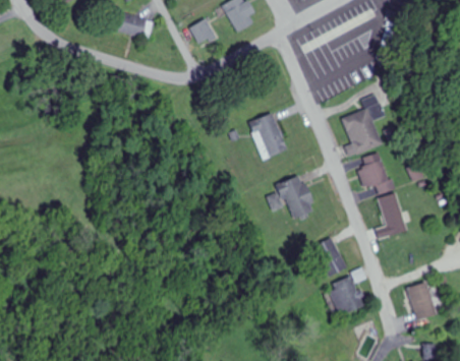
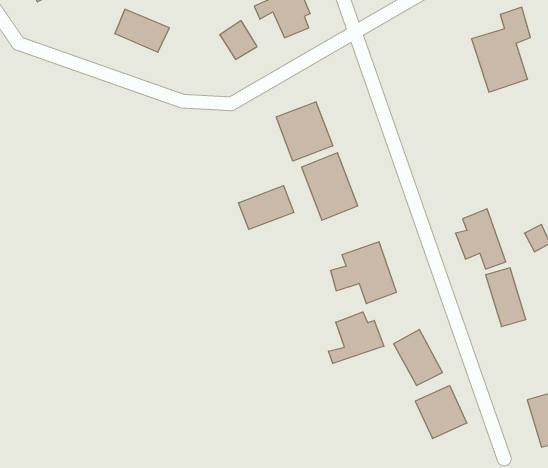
building: none -> [276,102,333,161]
building: [340,95,382,155] -> [471,7,530,92]
building: none -> [238,186,294,229]
building: none -> [329,312,384,364]

